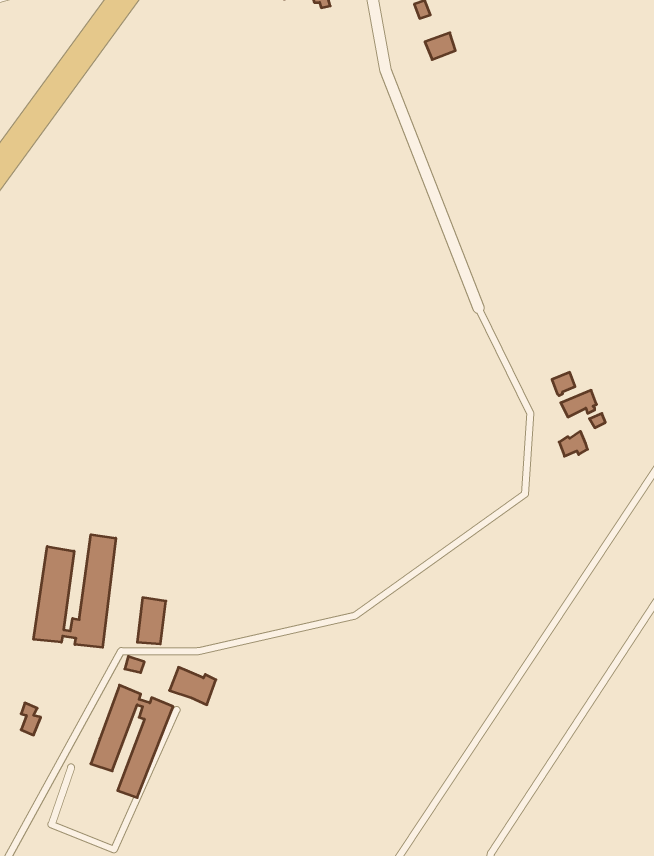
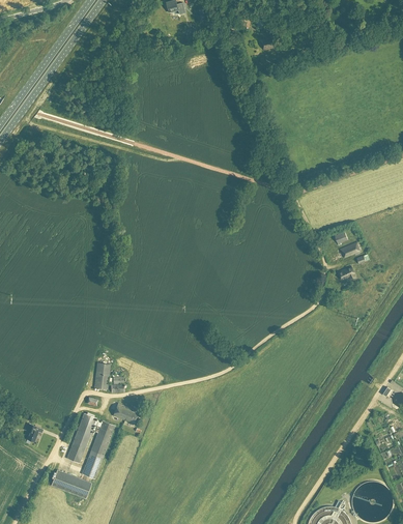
building: [34,535,116,647] -> none
building: none -> [51,469,91,497]

